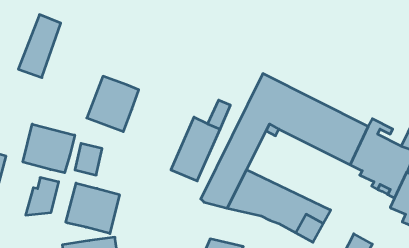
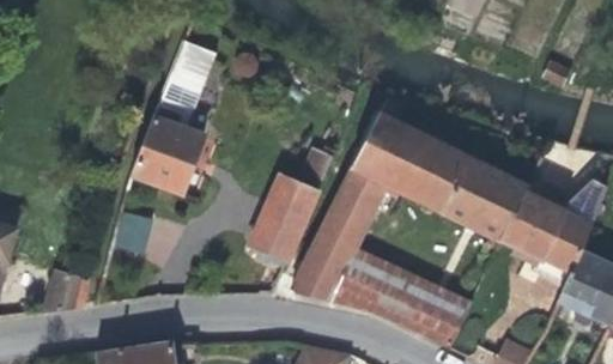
building: [18,15,61,78] -> [153,38,213,127]
building: [23,124,75,173] -> none
building: [66,183,119,234] -> none

